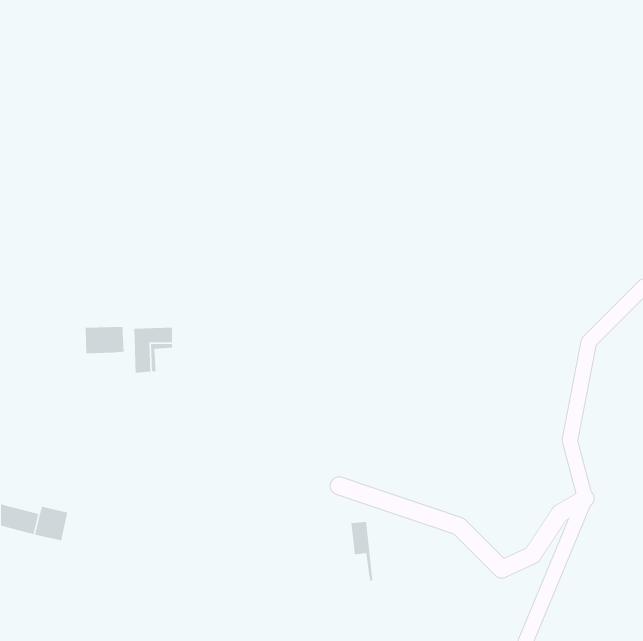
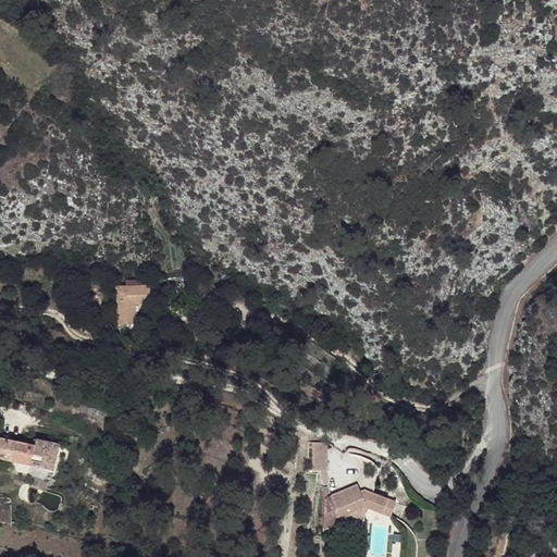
building: [85,326,124,354] -> none
building: none -> [327,488,393,527]

